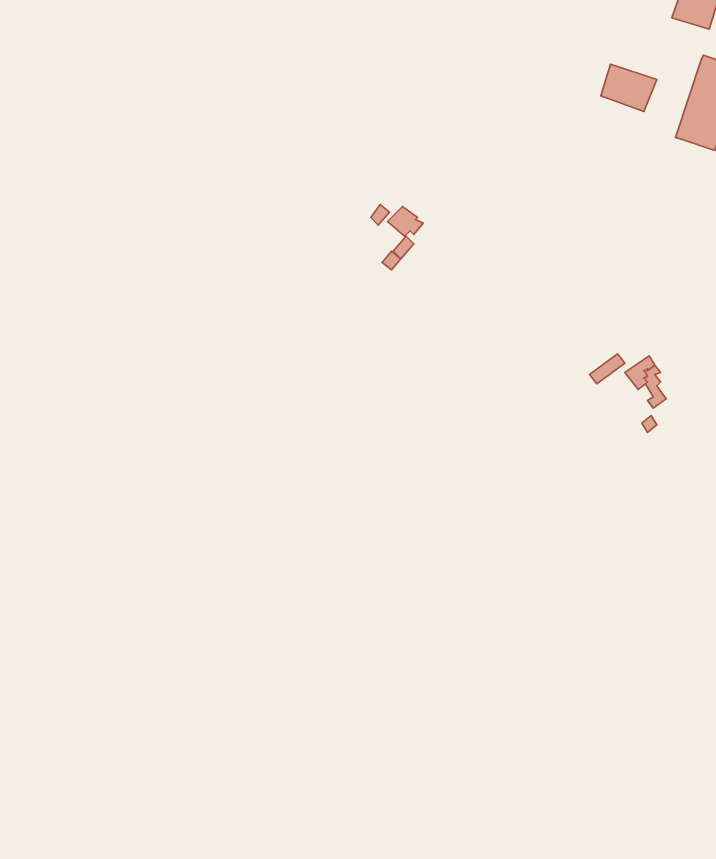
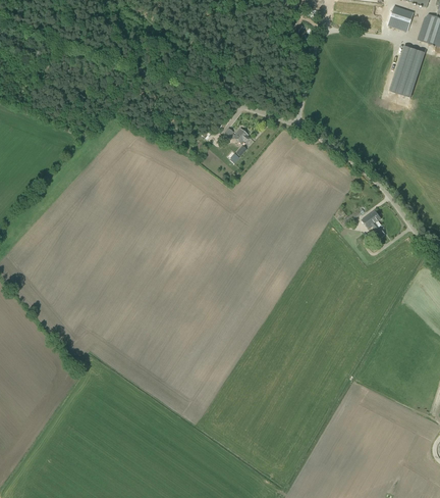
building: [601,64,657,111] -> none

